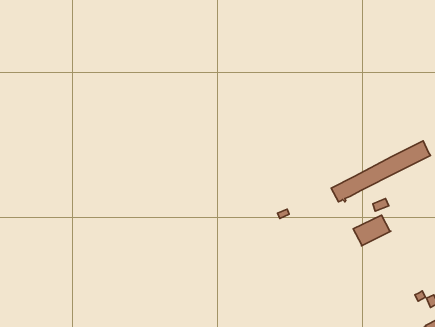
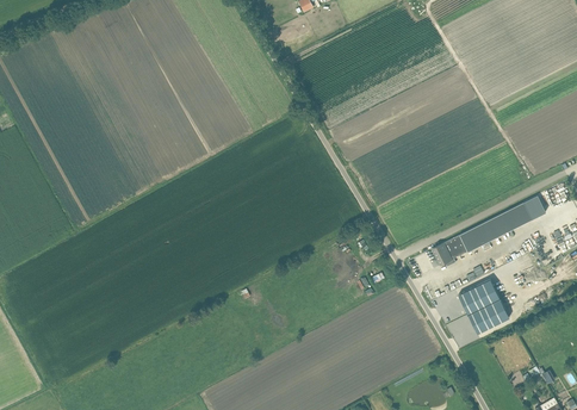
building: none -> [469,297,510,333]

